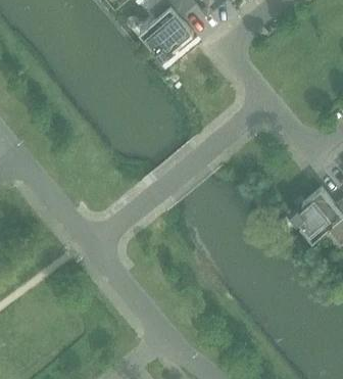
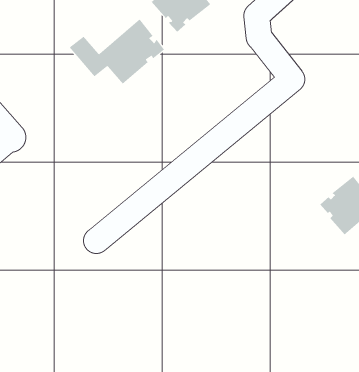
building: none -> [69,19,165,85]

